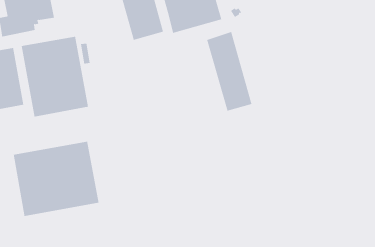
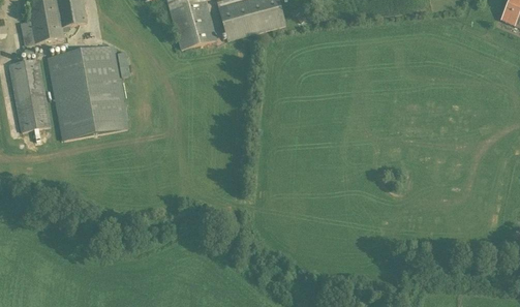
building: [206,31,252,111] -> none
building: [13,141,99,217] -> none

